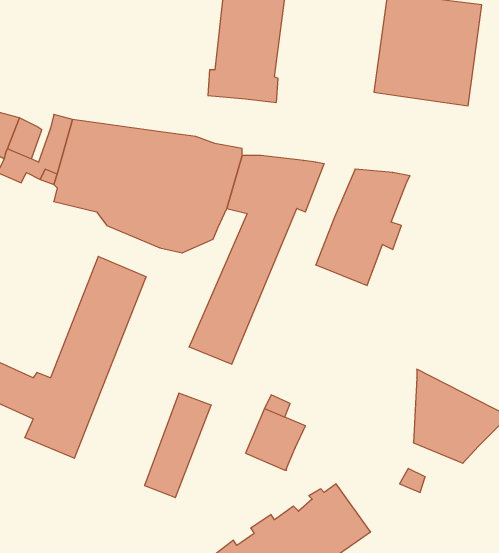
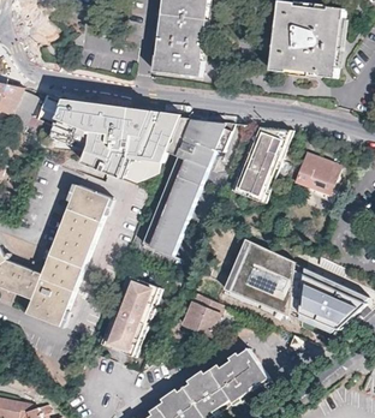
building: none -> [293,150,339,191]
building: none -> [221,235,299,311]

